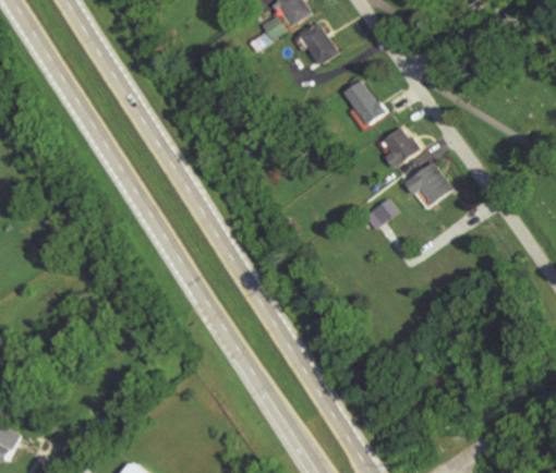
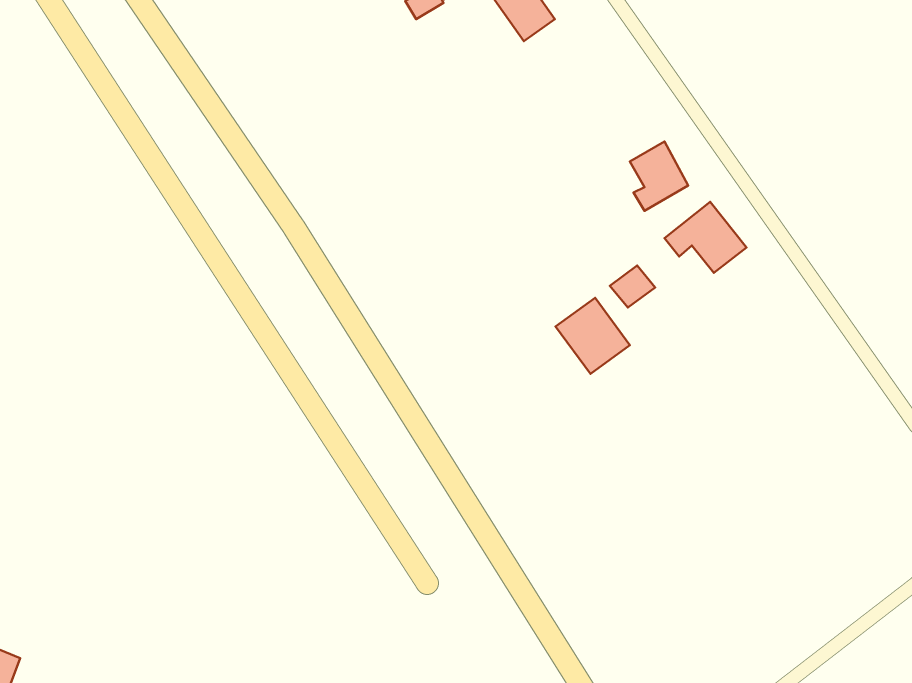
building: [342,78,383,124] -> none
building: none -> [556,298,630,374]

